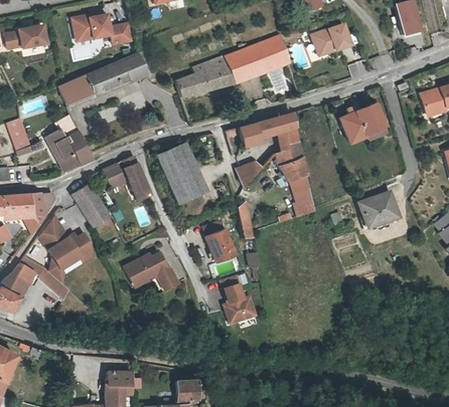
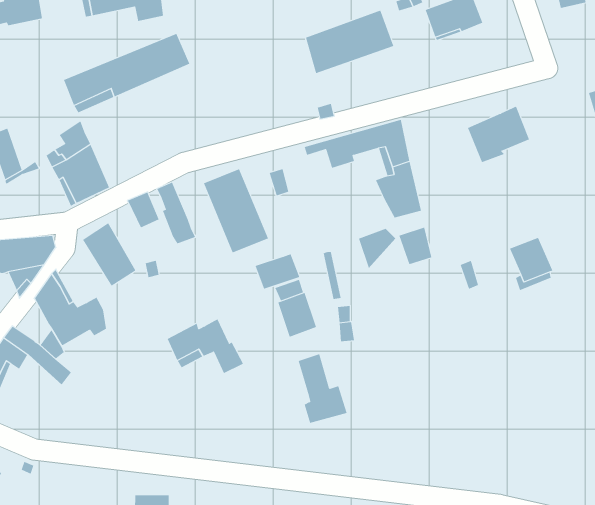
building: [174,55,234,96] -> none
building: [236,160,262,188] -> [358,228,396,269]
building: none -> [255,253,300,290]

